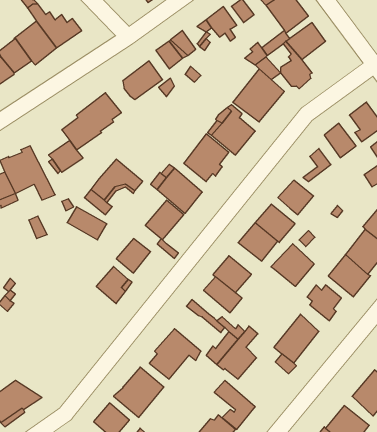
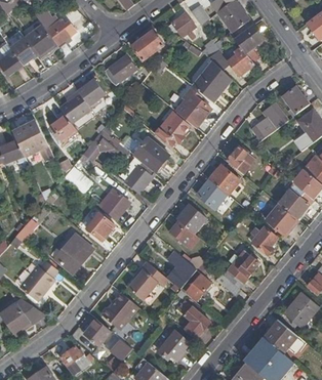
building: [271,244,314,286] -> none
building: none -> [53,234,93,275]
building: none -> [18,260,58,303]

